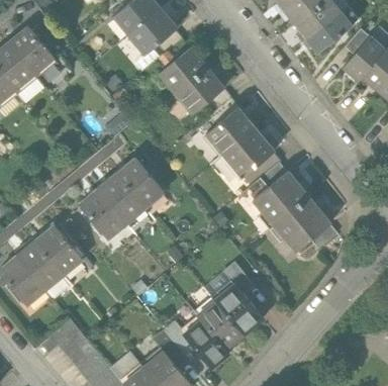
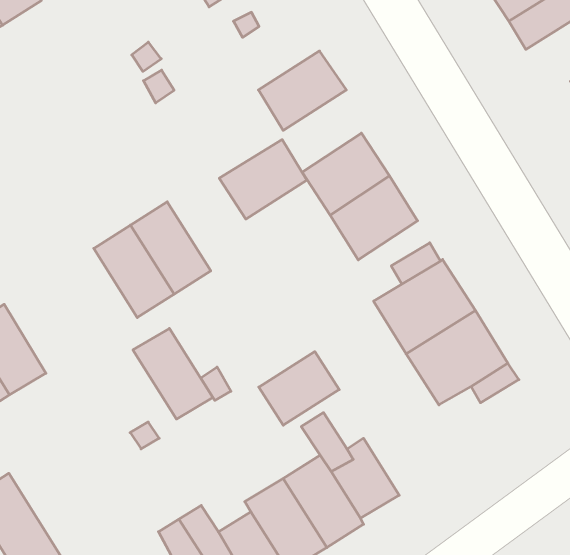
building: [159,47,206,93] -> [219,140,307,219]
building: [80,190,126,238] -> [133,328,213,419]
building: none -> [259,352,339,425]

